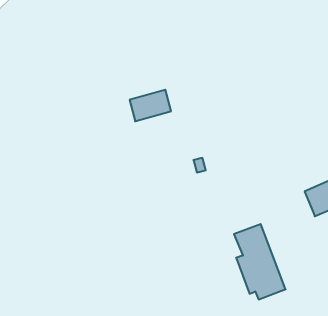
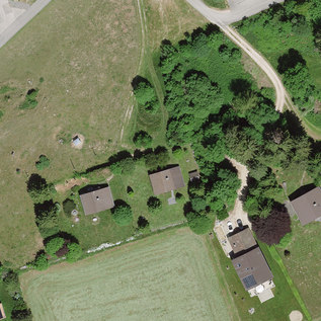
building: [130,90,171,121] -> [149,166,186,194]
building: none -> [79,186,113,215]

